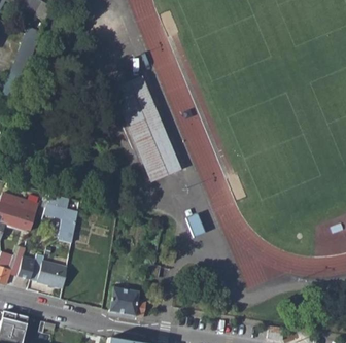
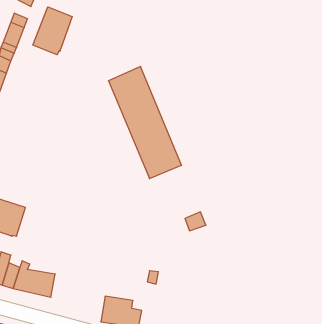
building: none -> [33,7,72,55]
building: [43,194,77,243] -> none

